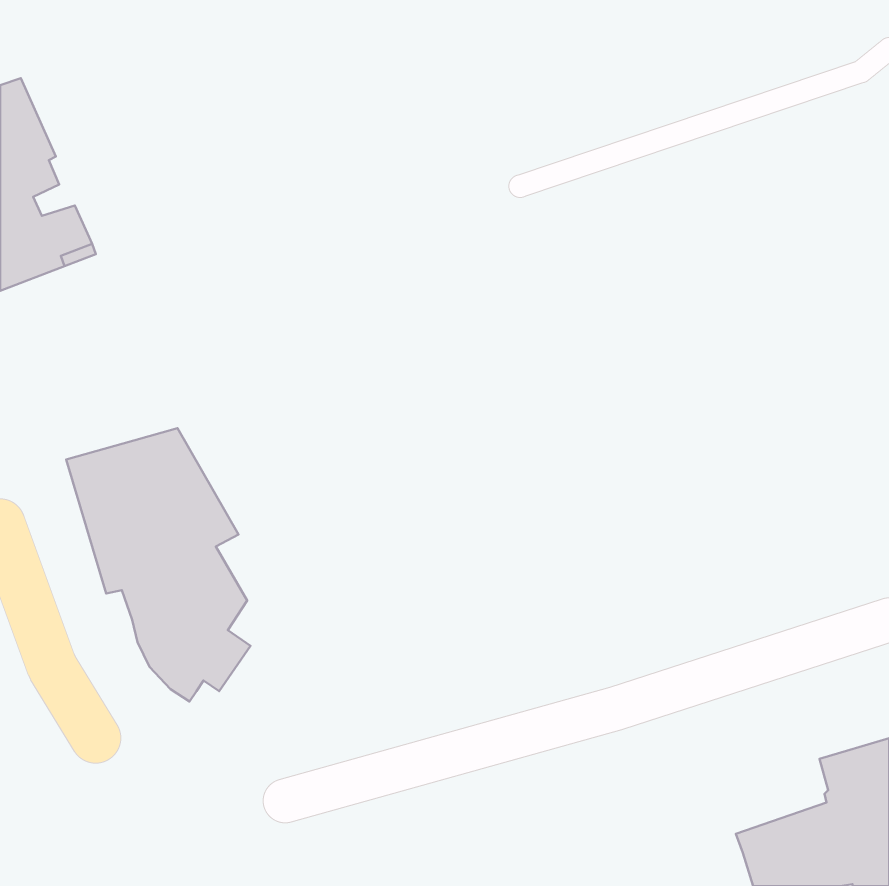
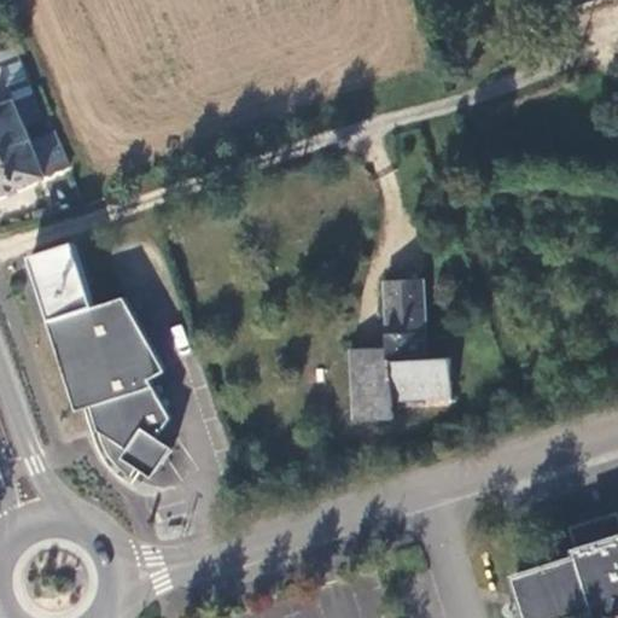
building: none -> [27,241,93,319]
building: none -> [346,281,445,422]

